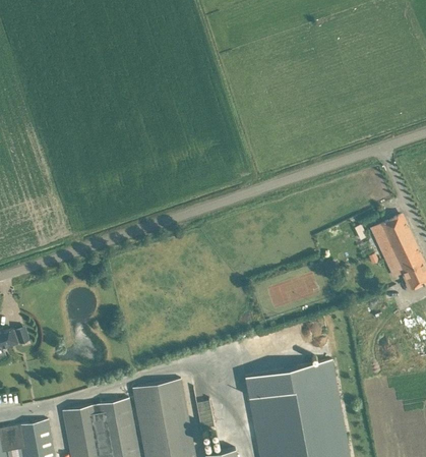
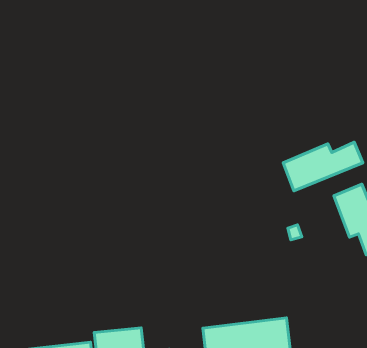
building: none -> [283,142,363,191]

